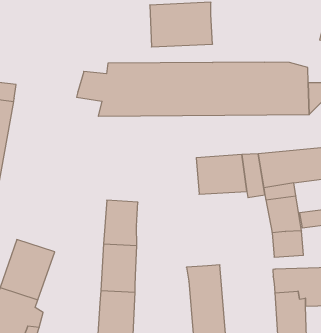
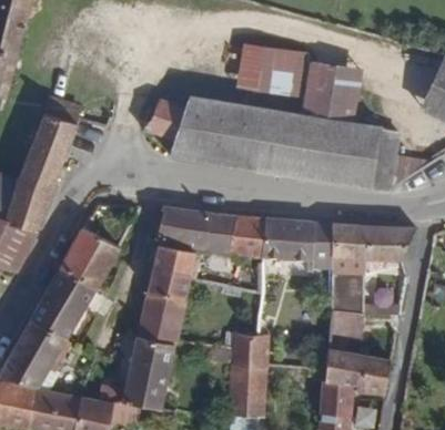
building: none -> [299,64,361,125]
building: none -> [156,206,264,256]
building: none -> [55,229,118,293]

